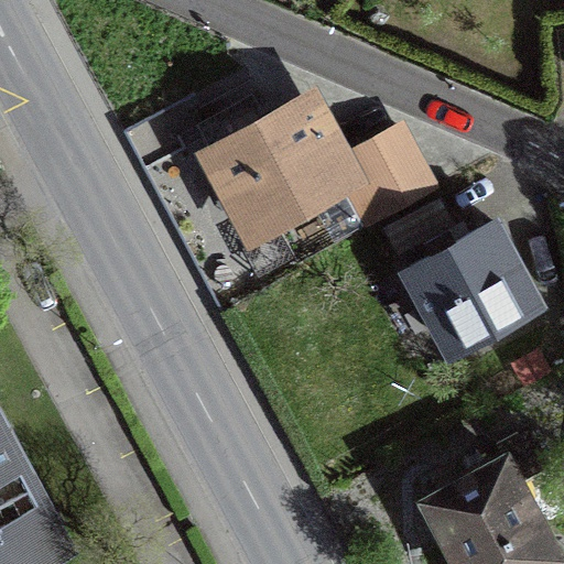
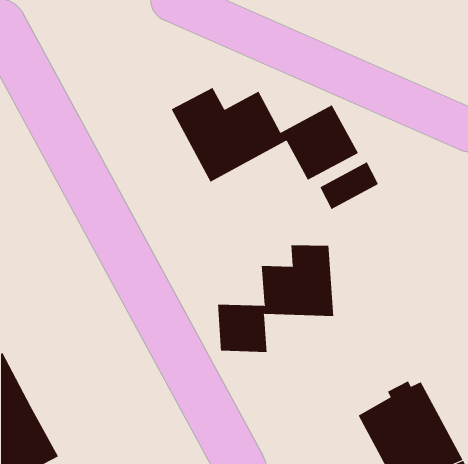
building: [410,226,538,354] -> none
building: none -> [218,245,334,353]

